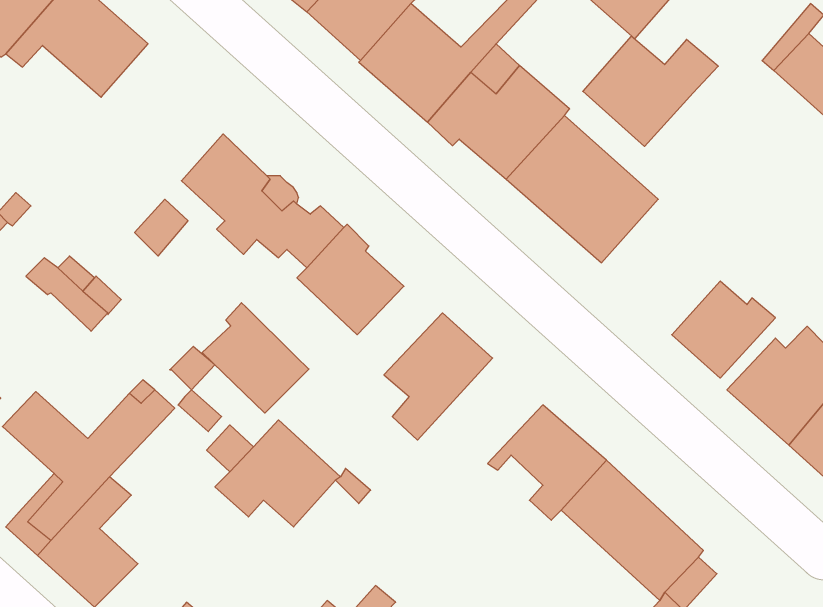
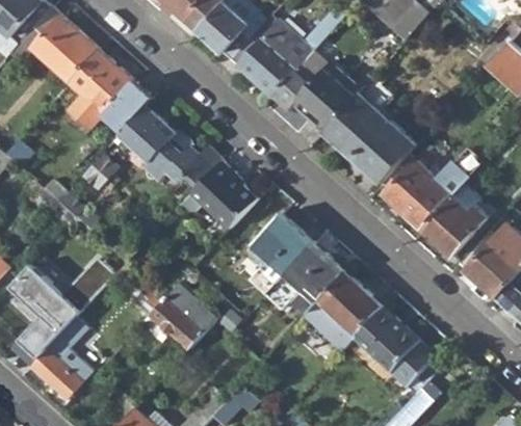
building: [583,36,718,146] -> [385,160,469,229]
building: none -> [69,48,145,123]
building: [202,303,309,413] -> none
building: none -> [265,243,343,311]

